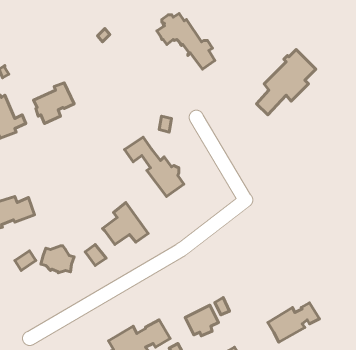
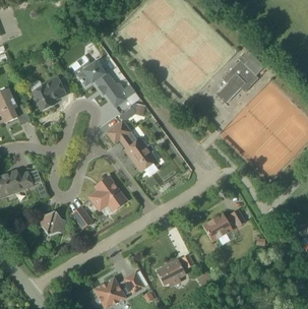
building: [157,13,215,69] -> [77,61,125,107]
building: [268,303,320,342] -> [202,209,245,242]

